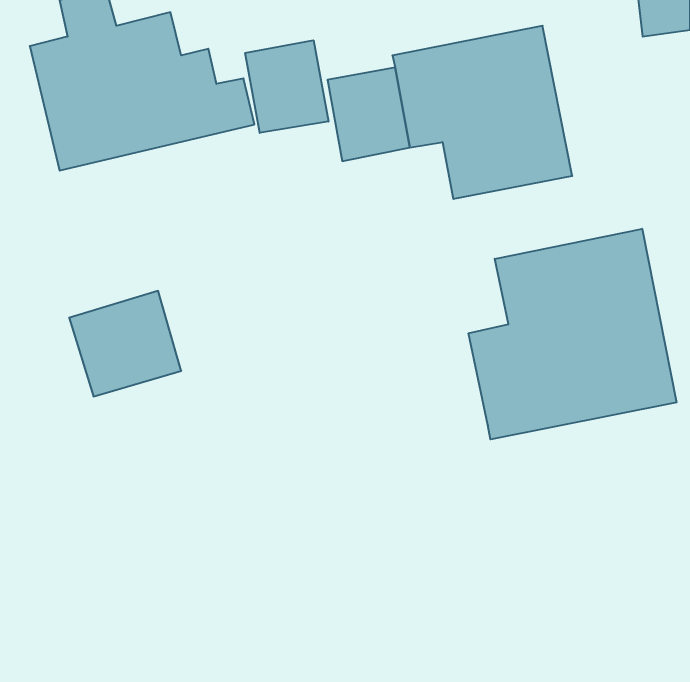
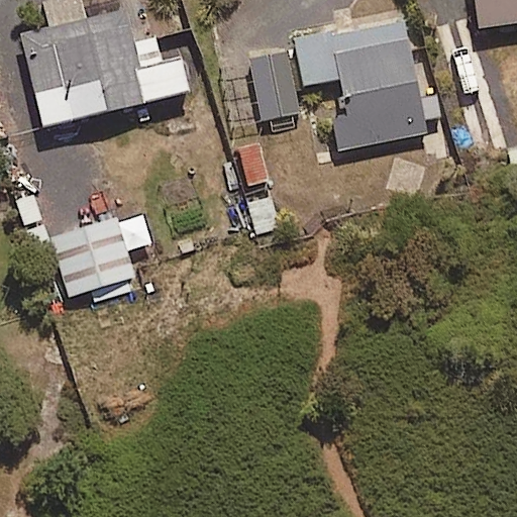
building: [245,40,328,133] -> none
building: [469,229,677,439] -> none

